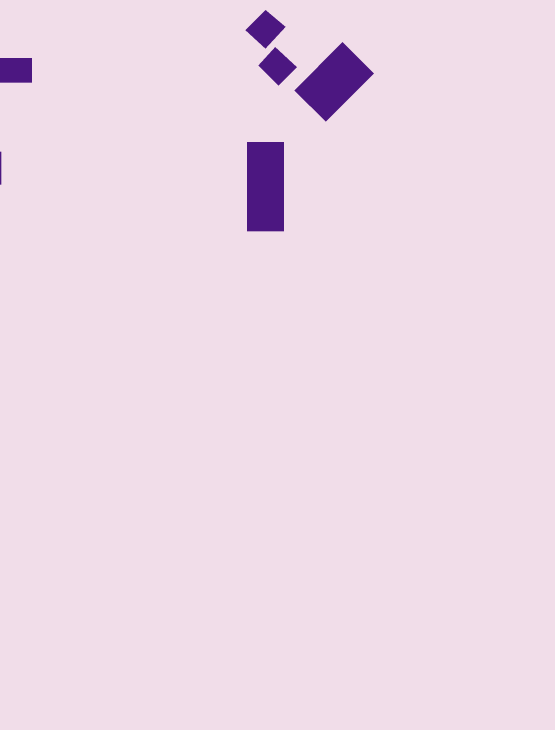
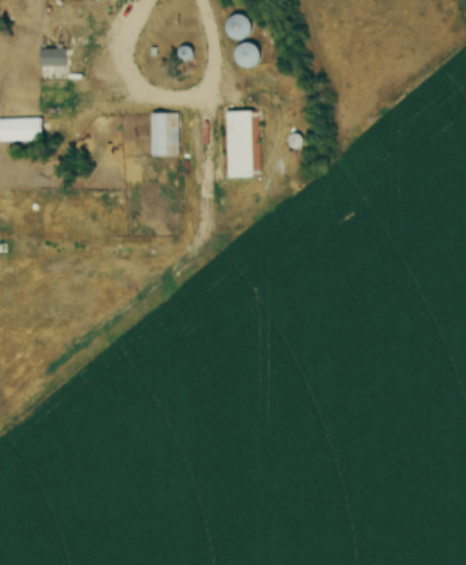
building: [293,41,375,123] -> none
building: none -> [151,113,178,154]

